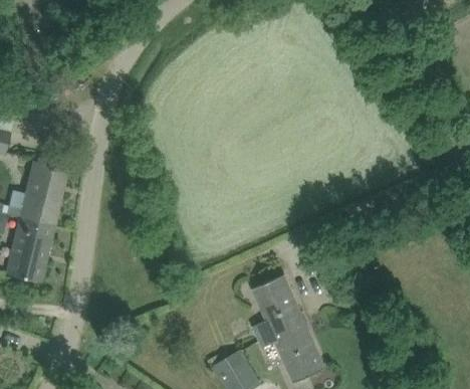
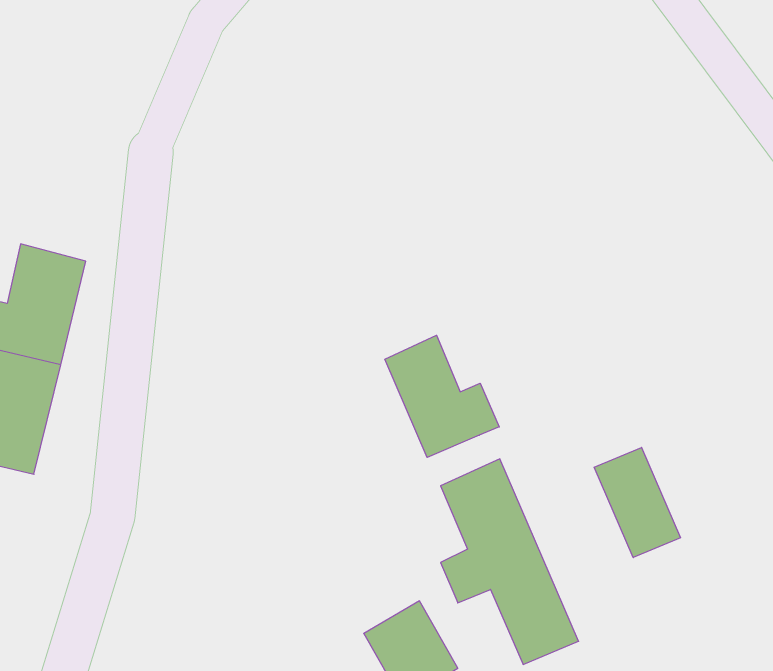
building: none -> [385,335,499,457]
building: none -> [594,447,680,558]

